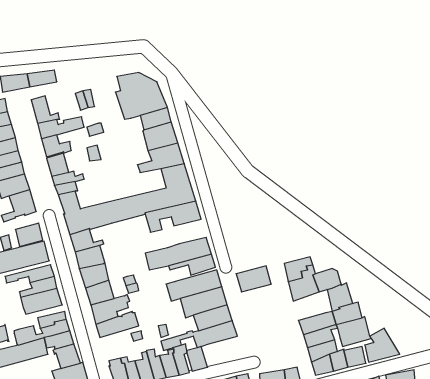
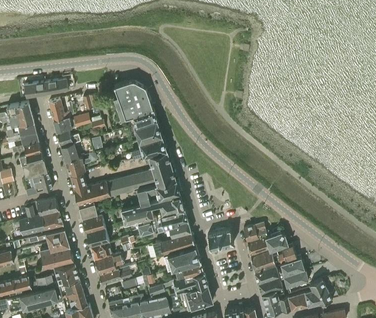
building: none -> [120,194,183,224]
building: none -> [250,248,280,272]
building: none -> [184,284,212,307]

